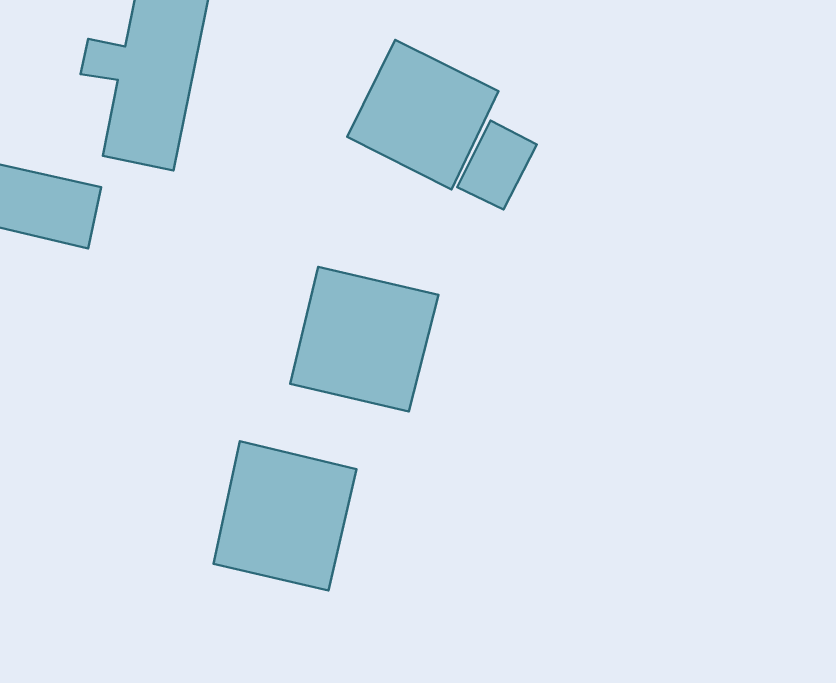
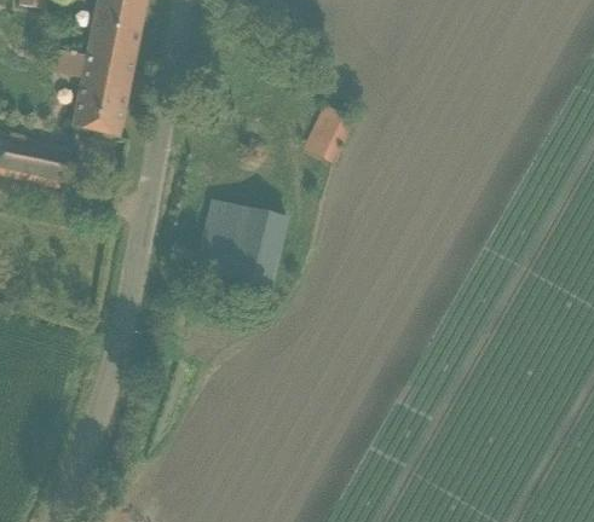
building: [347,40,498,190] -> none
building: [213,441,357,591] -> none

